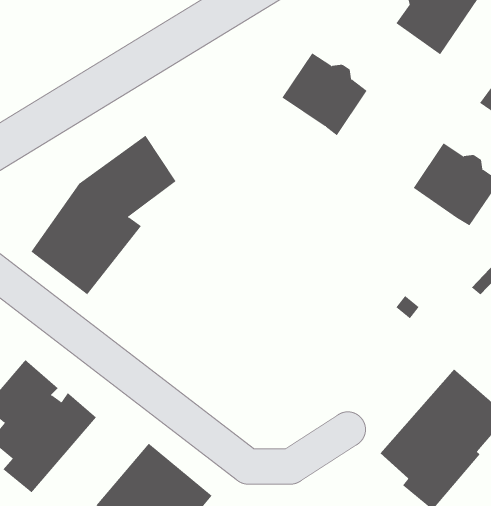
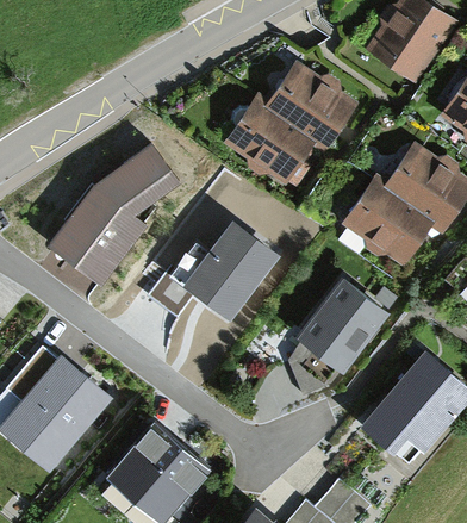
building: none -> [231,101,312,183]
building: none -> [353,182,430,257]
building: none -> [149,225,278,324]
building: none -> [288,280,391,394]

